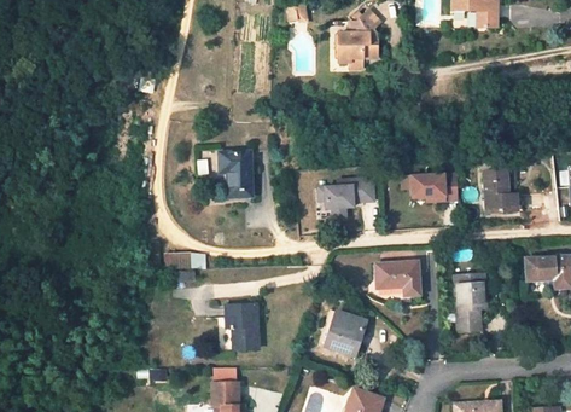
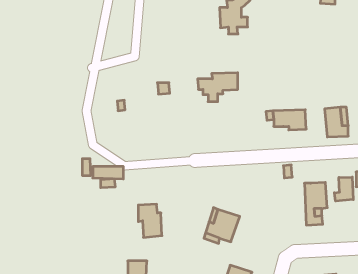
building: [219,152,251,197] -> none
building: [317,179,373,219] -> [198,73,238,102]
building: [375,262,419,295] -> none
building: none -> [334,177,353,201]

